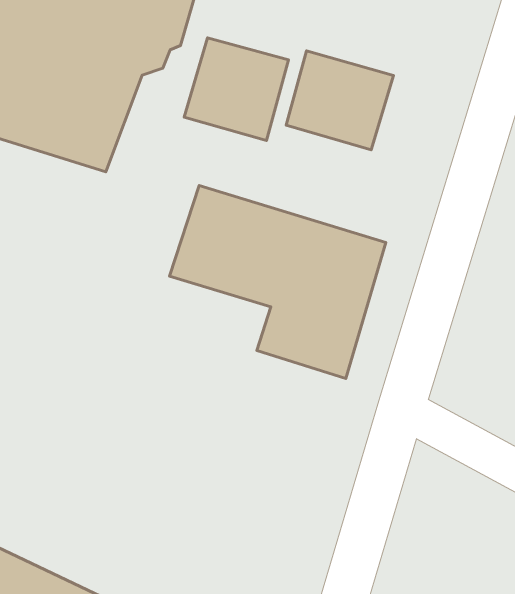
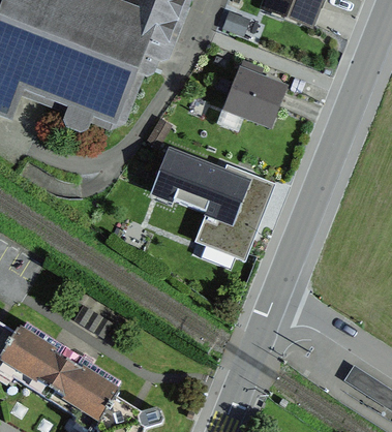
building: [184,38,288,141] -> none

